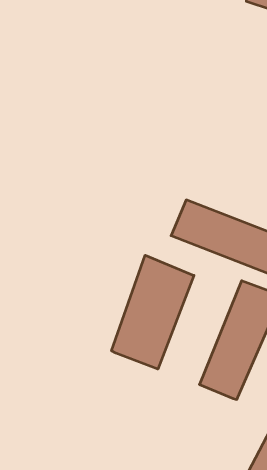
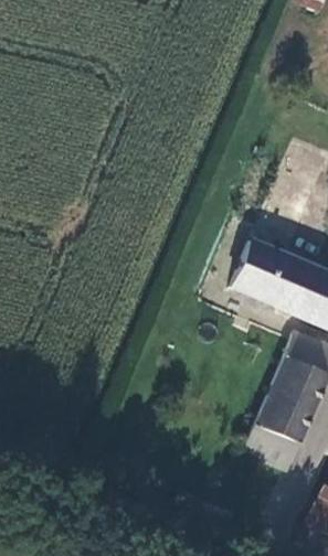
building: [112,255,194,369] -> none

